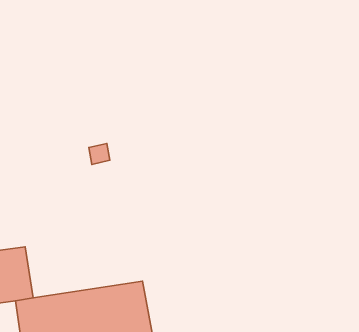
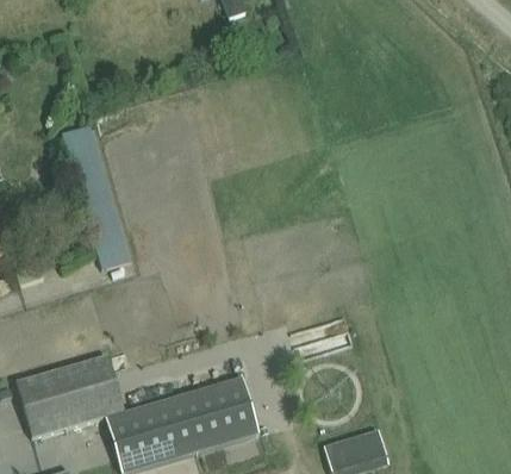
building: none -> [60,124,130,270]

